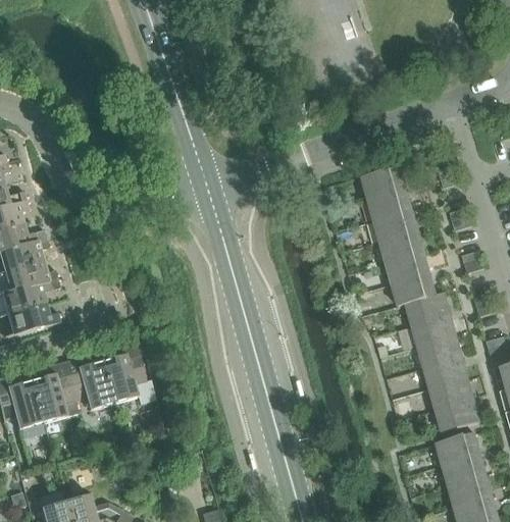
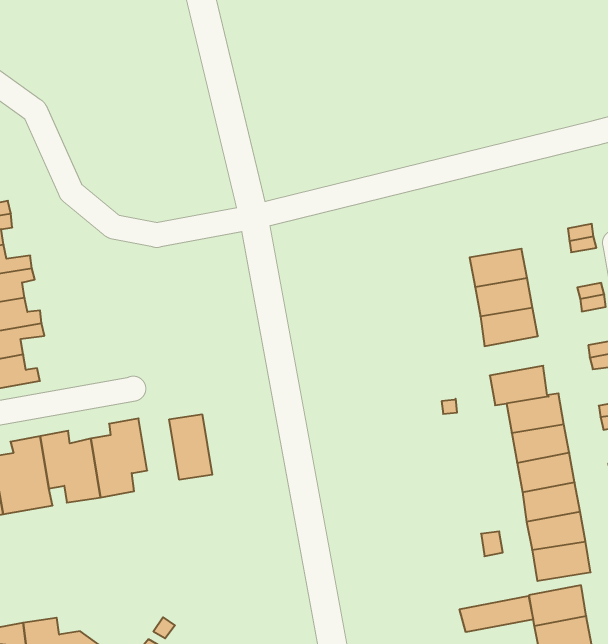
building: [361,167,405,200] -> none
building: [385,253,429,285] -> none
building: none -> [169,414,212,480]
building: none -> [460,596,533,632]

